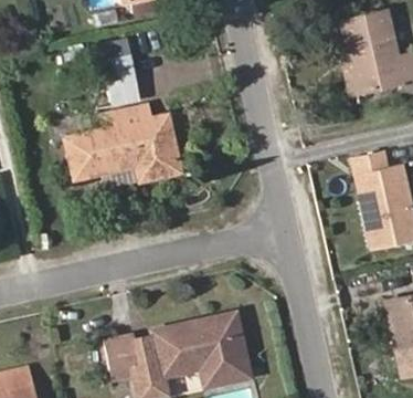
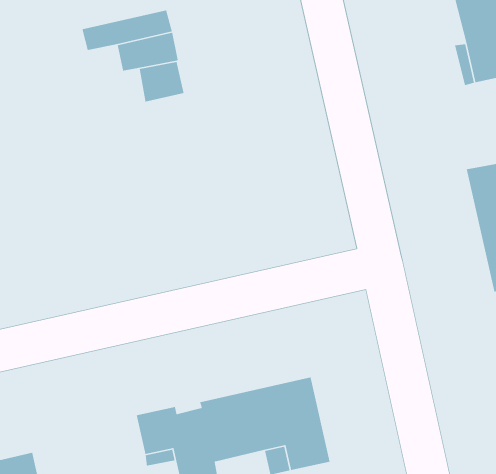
building: [66,106,181,191] -> none

